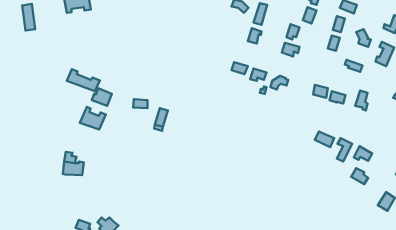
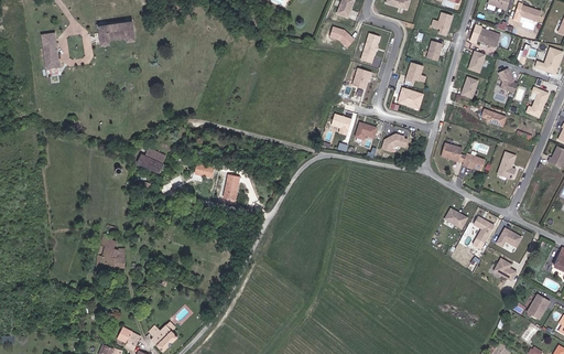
building: [67,69,100,91] -> none
building: [80,107,106,130] -> none

